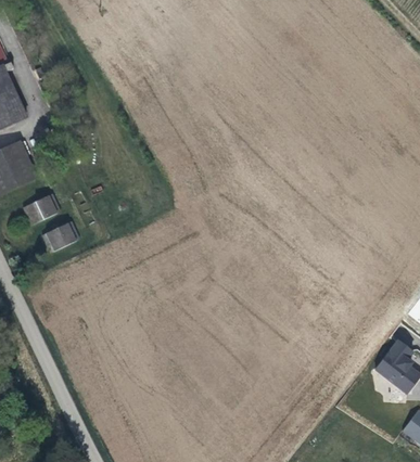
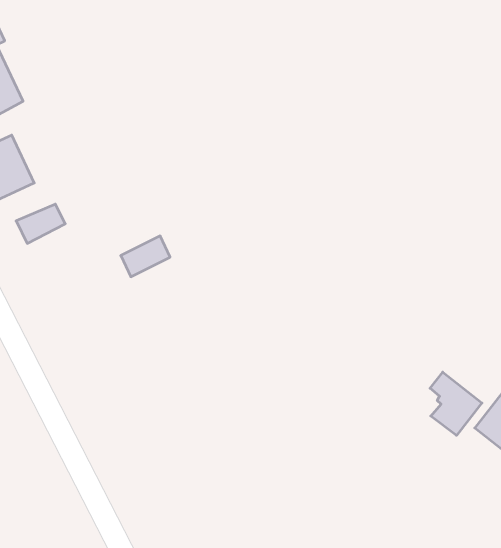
building: [41,222,79,254] -> [121,236,170,277]
building: none -> [430,372,482,435]

